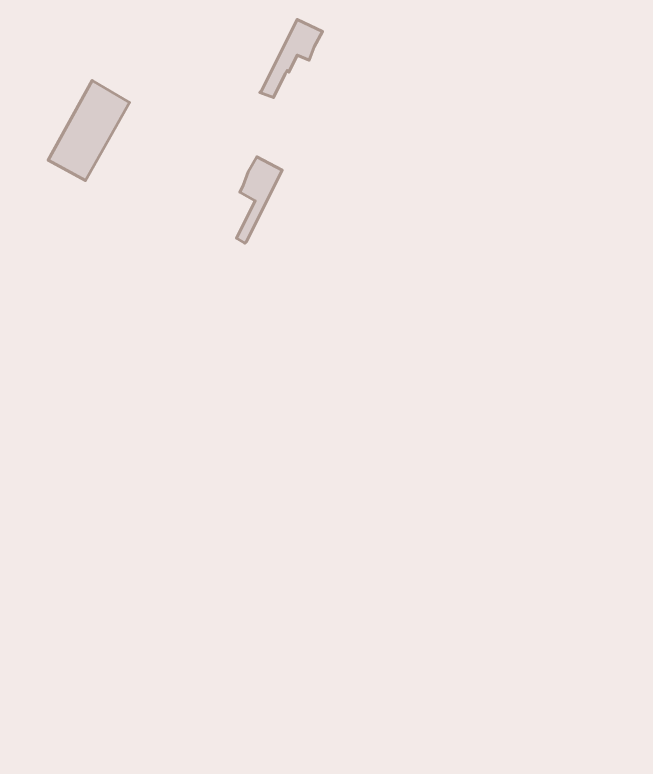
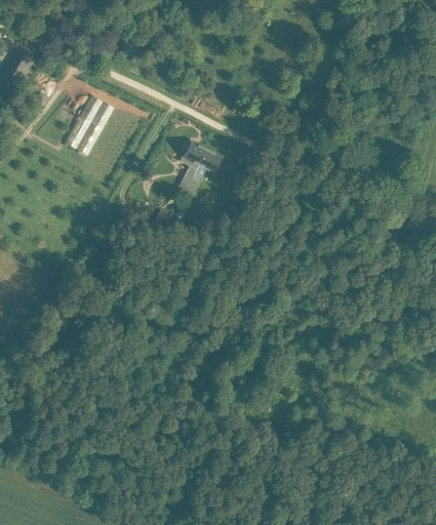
building: [260,20,323,98] -> [183,148,221,195]

